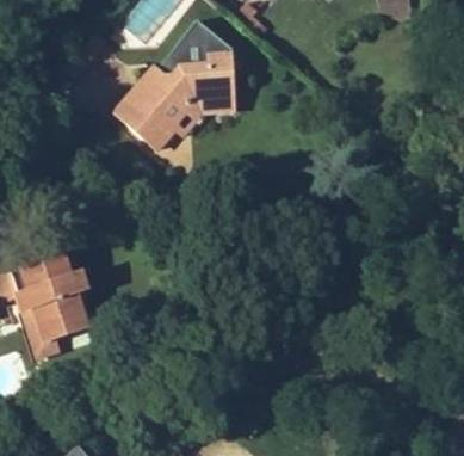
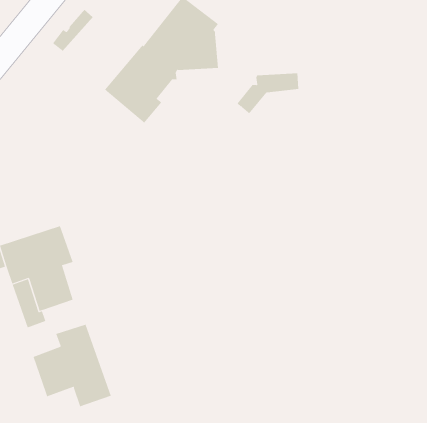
building: [171,94,234,136] -> [236,73,299,114]
building: none -> [33,324,111,407]

